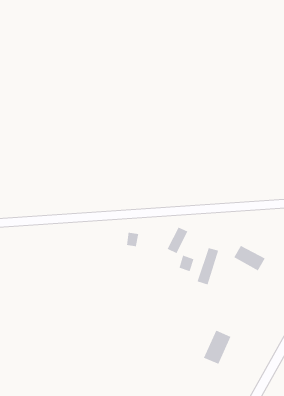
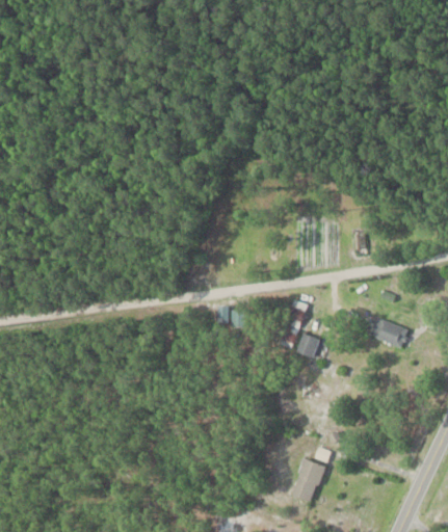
building: [197,247,219,285] -> none
building: [203,329,232,365] -> [291,458,325,503]

